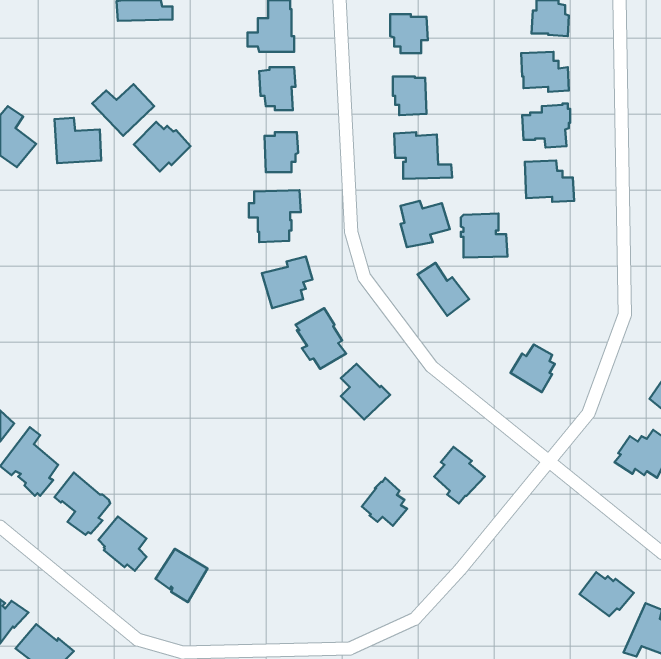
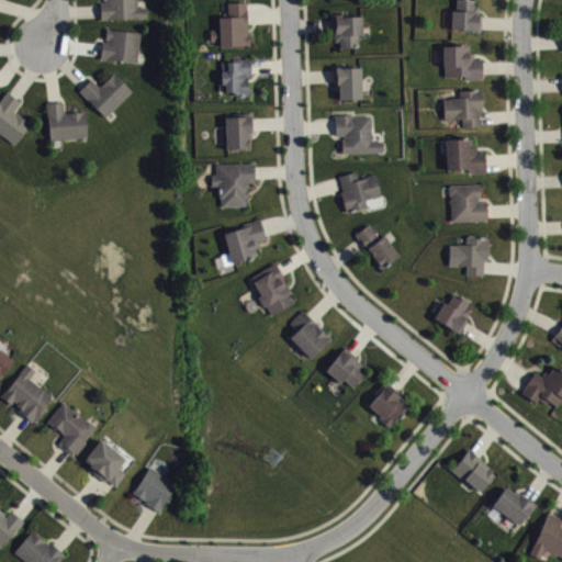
building: none -> [100,30,142,64]
building: [134,122,191,172] -> none
building: [461,214,507,258] -> [449,184,488,222]
building: none -> [449,236,491,276]
building: [362,478,407,526] -> [326,347,364,387]
building: none -> [451,450,495,493]

